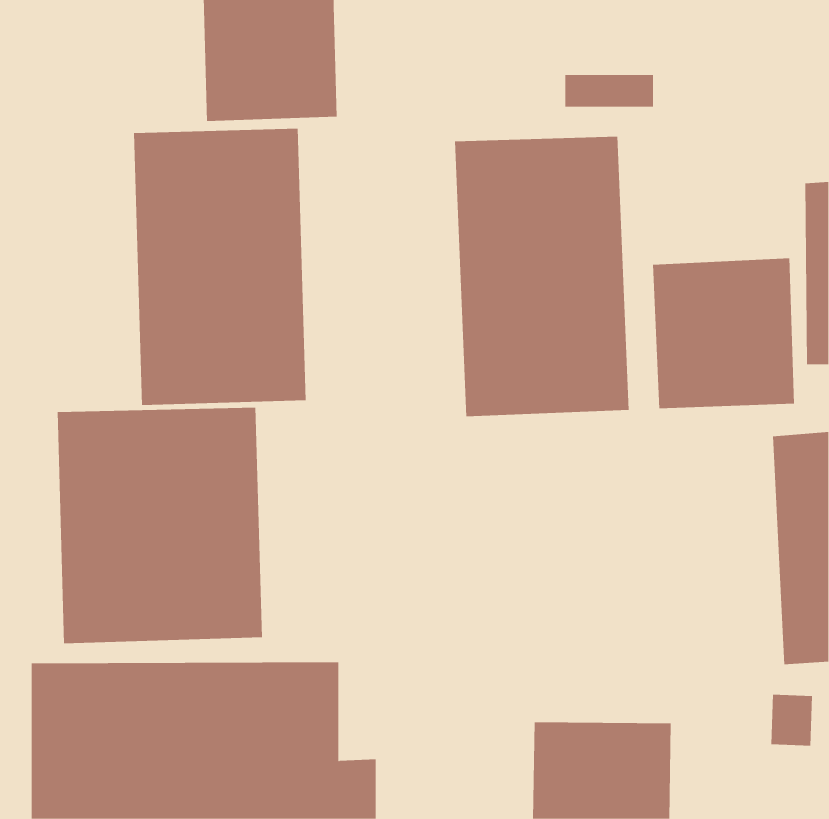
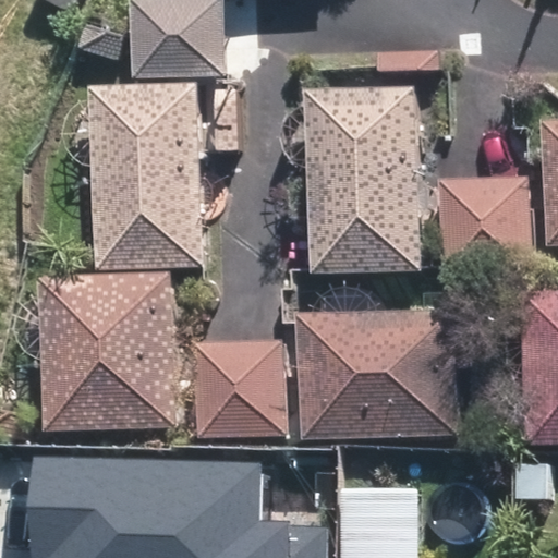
building: none -> [299,308,459,440]
building: none -> [195,340,287,438]

